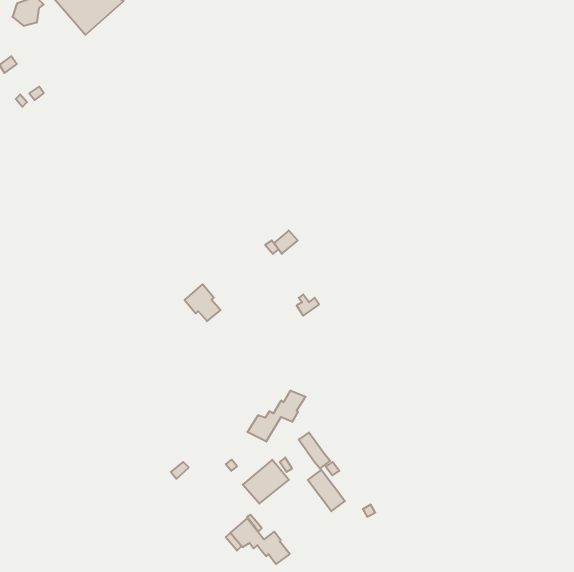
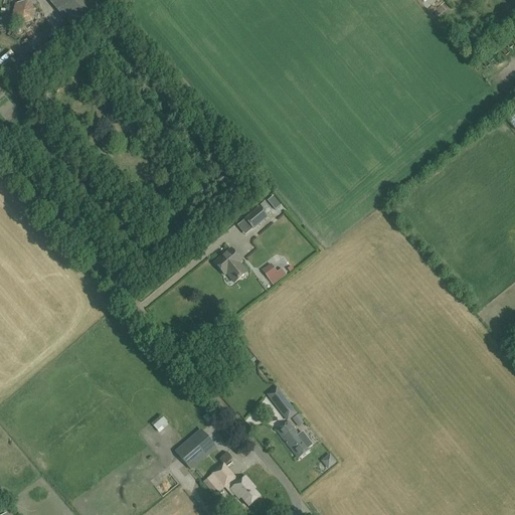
building: [185,284,221,321] -> [214,247,246,281]
building: [247,390,306,442] -> none
building: [243,460,289,504] -> [175,427,216,467]

